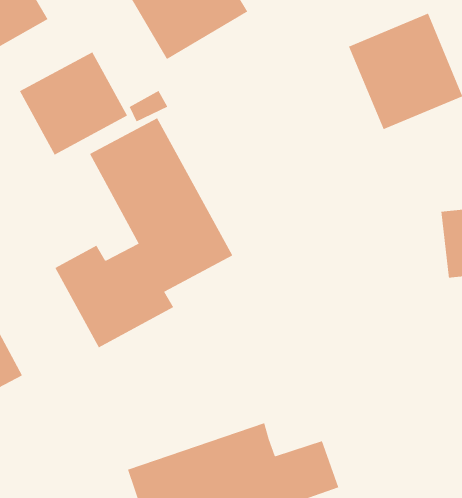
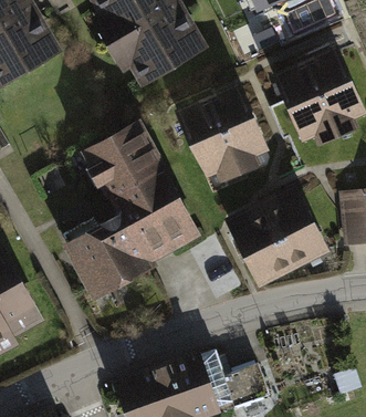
building: [19,51,128,156] -> none
building: none -> [180,90,265,176]
building: none -> [230,194,324,282]

